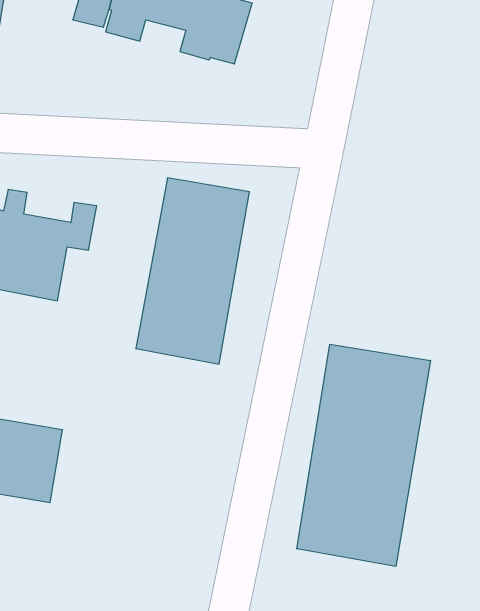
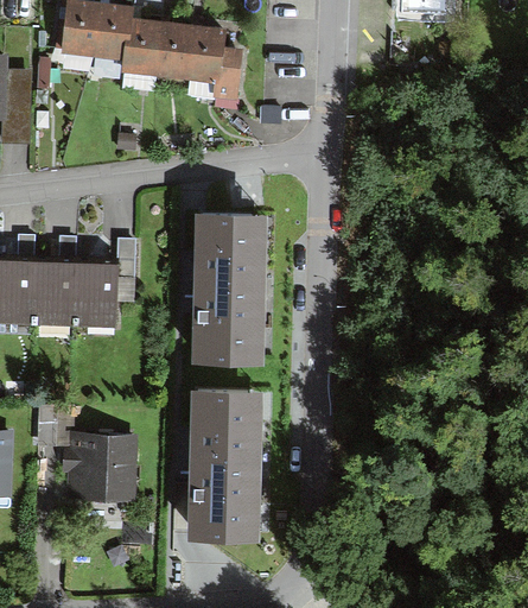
building: [297,344,431,566] -> none
building: none -> [189,390,263,540]

